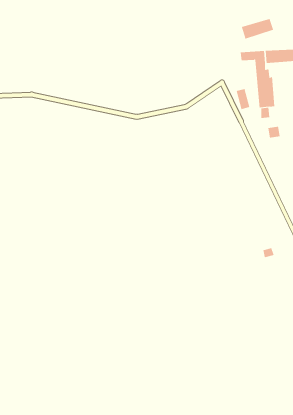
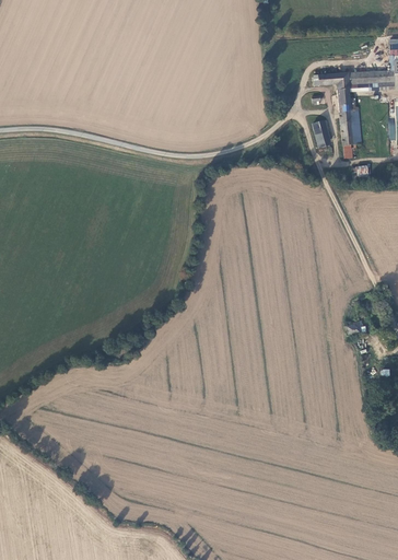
building: [241,18,274,39] -> none

